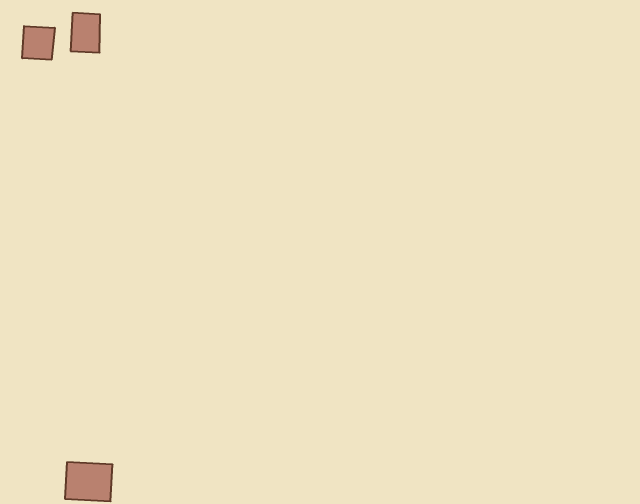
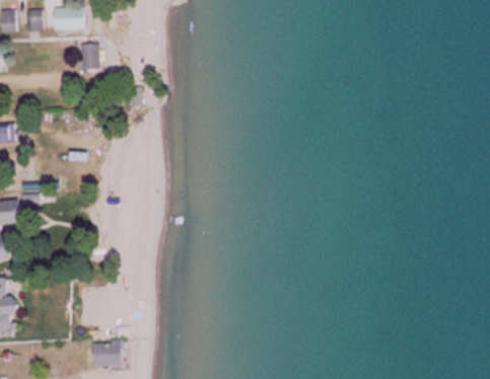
building: [22,26,55,60] -> none

